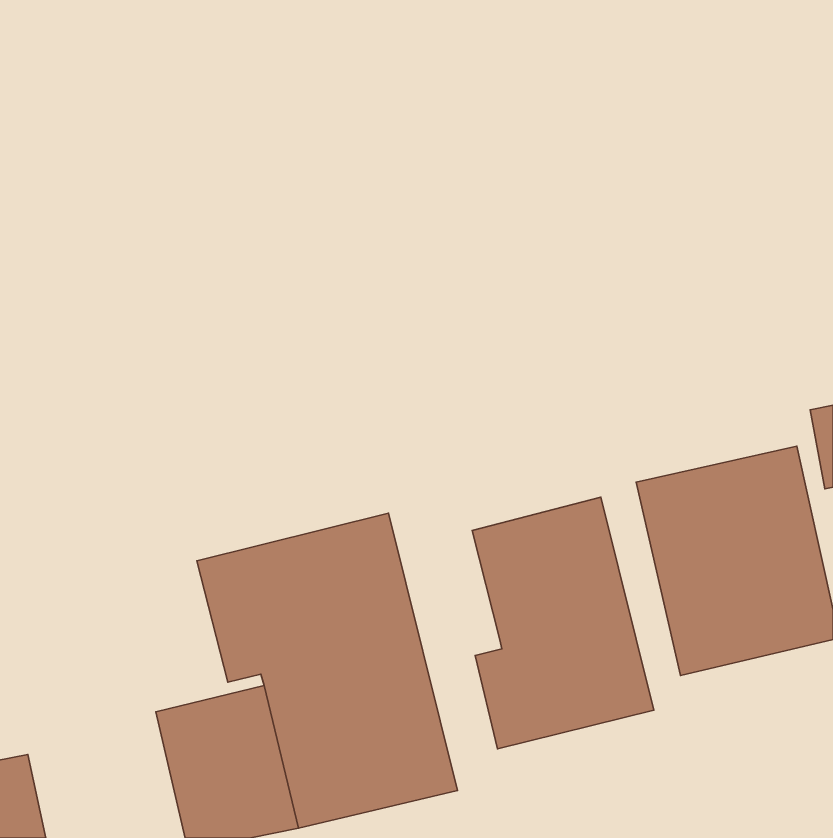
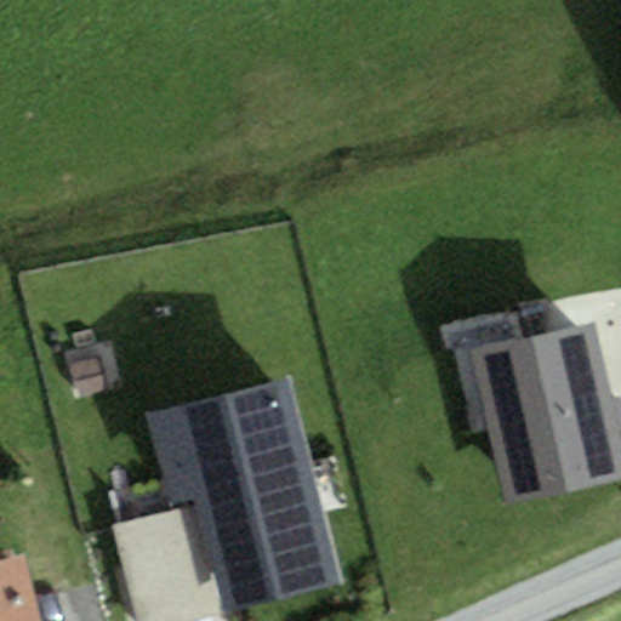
building: [472,497,654,749] -> none

